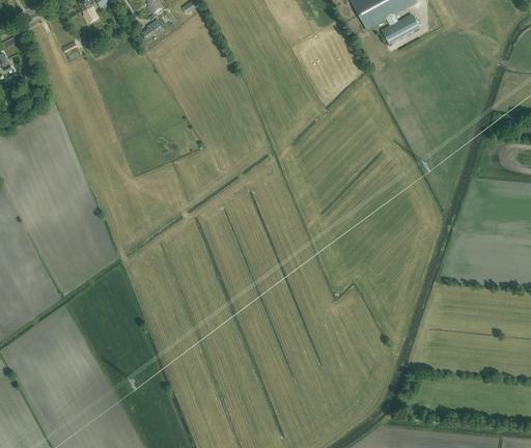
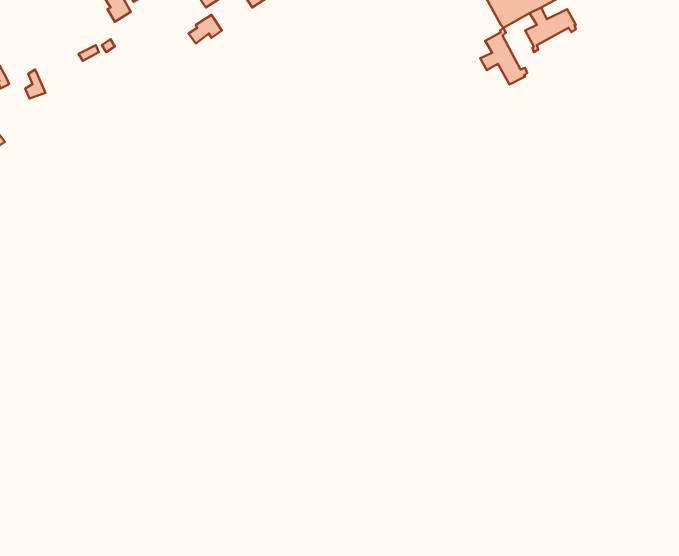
building: none -> [480,28,527,85]

